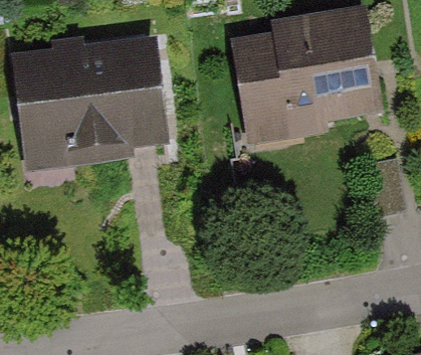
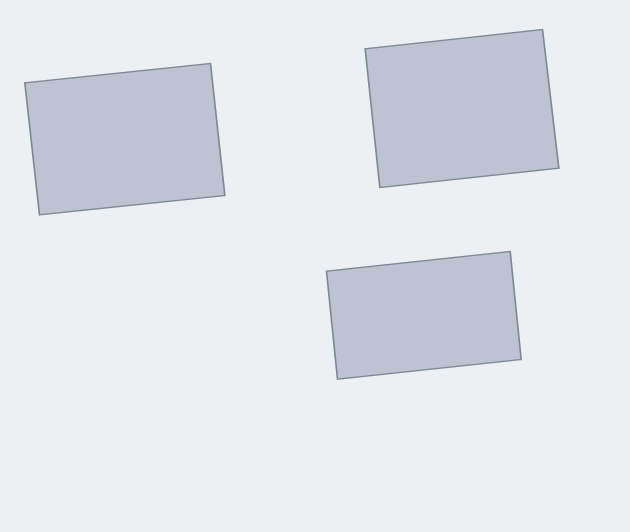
building: none -> [326,251,521,379]

